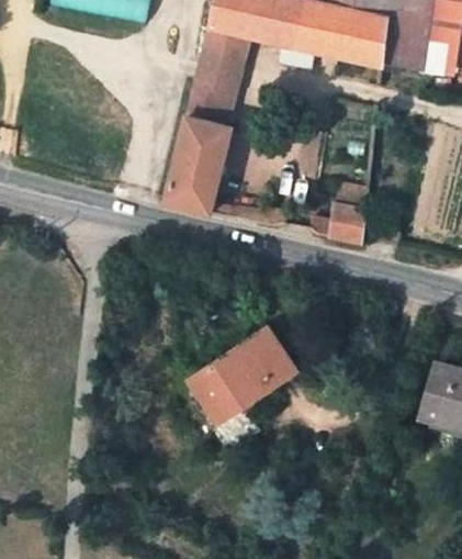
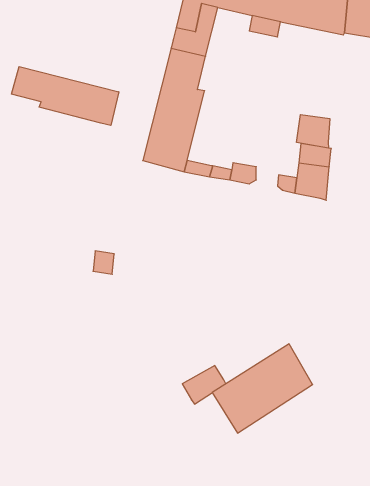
building: none -> [12,67,119,125]
building: none -> [297,115,330,148]
building: [188,327,296,424] -> [212,344,313,433]

